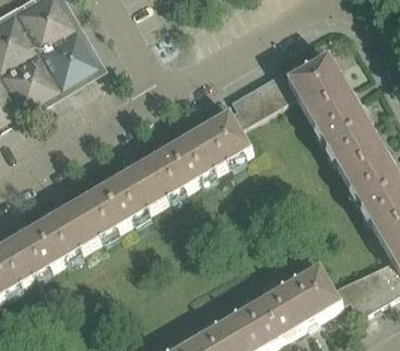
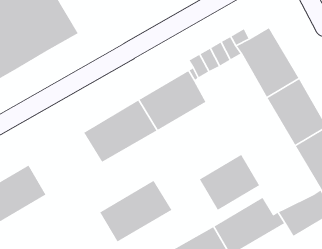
building: [36,183,126,259] -> [99,180,173,242]
building: none -> [199,154,260,211]

